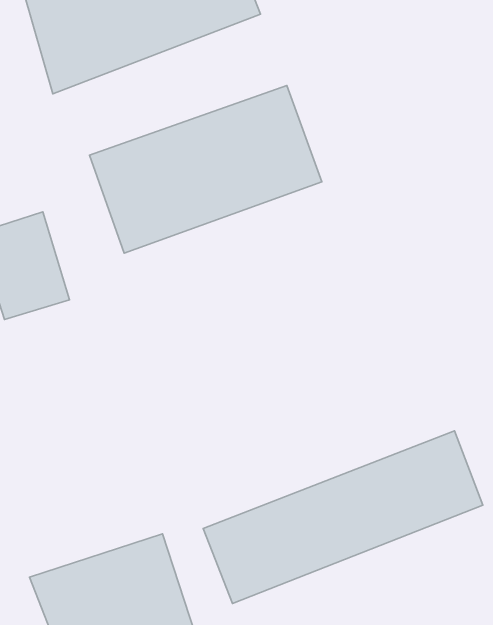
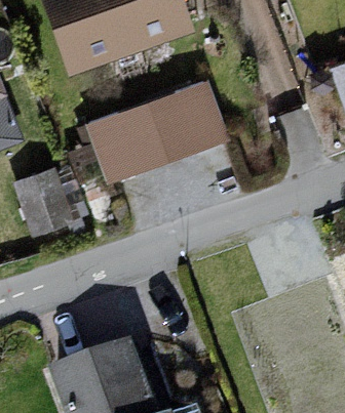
building: [203,431,483,604] -> none

